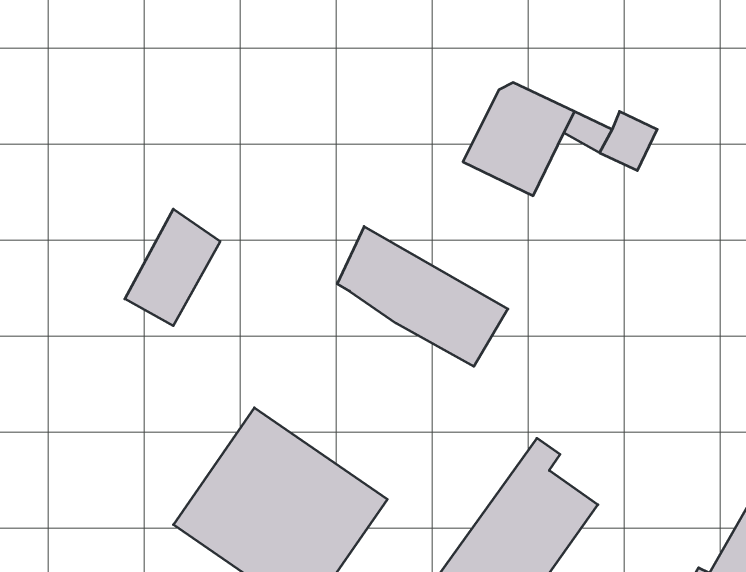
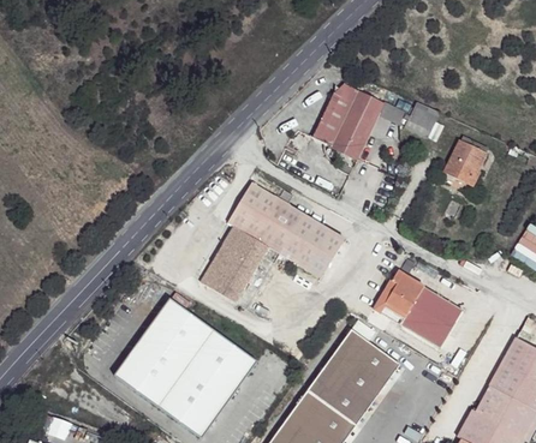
building: none -> [441,137,484,180]
building: [125,209,220,326] -> [202,222,266,300]
building: none -> [374,268,459,342]

